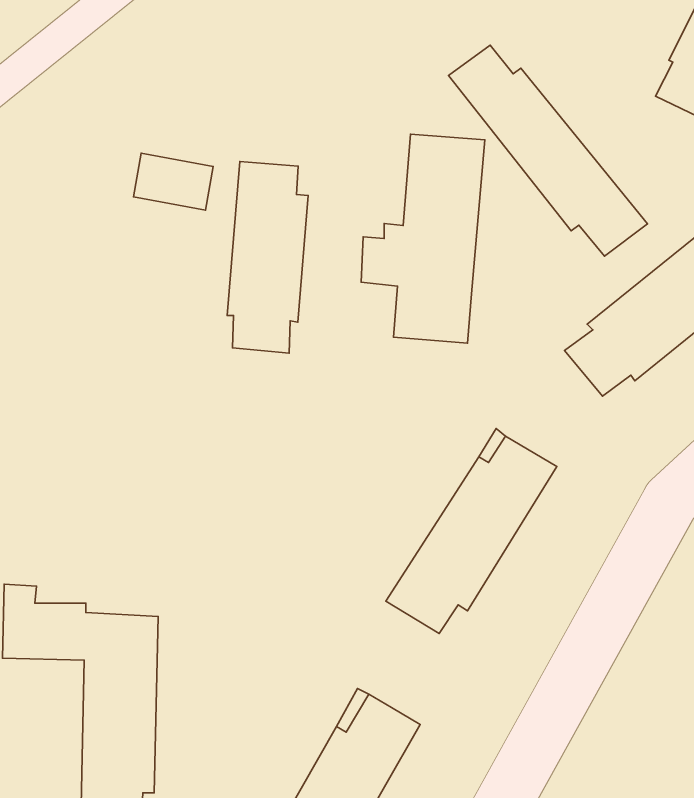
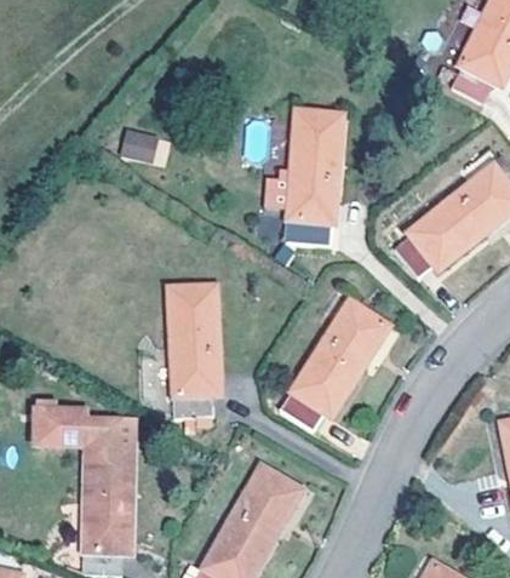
building: [449,45,647,256] -> none
building: [227,162,308,353] -> none
building: none -> [170,284,220,416]

